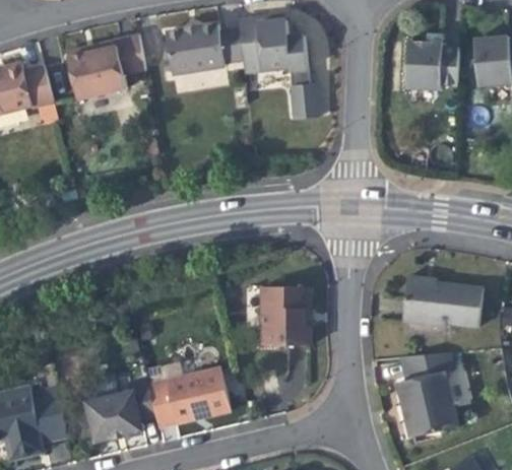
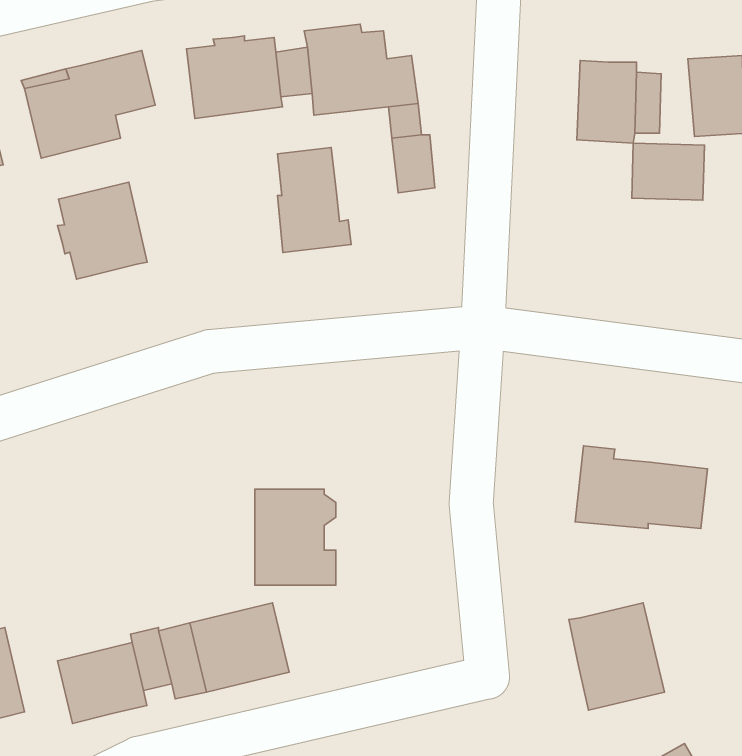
building: none -> [632,143,704,200]
building: none -> [277,148,351,253]
building: none -> [58,182,147,279]
building: [264,287,314,346] -> [255,489,336,585]
building: [401,352,453,381] -> none

